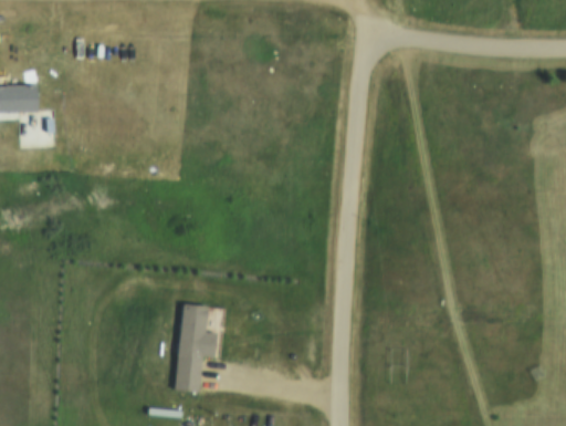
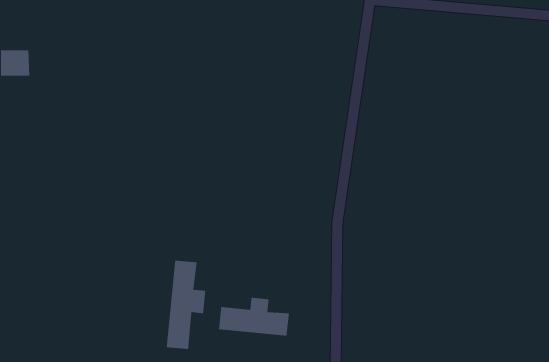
building: none -> [218,297,290,337]

